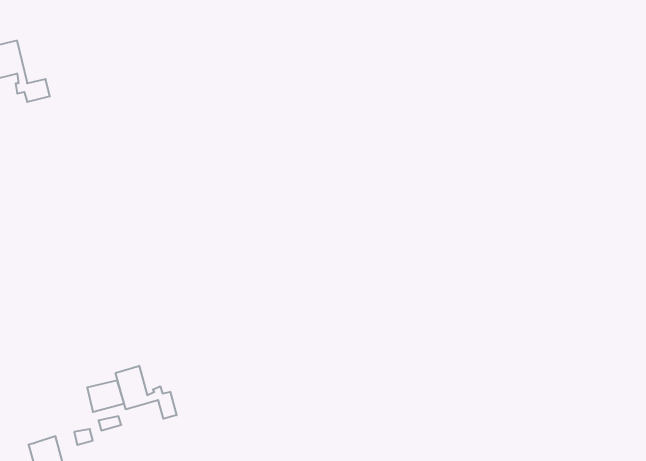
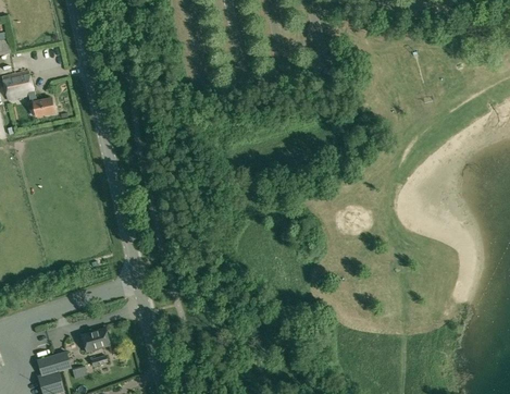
building: [116,366,177,419] -> none
building: none -> [37,352,71,377]

